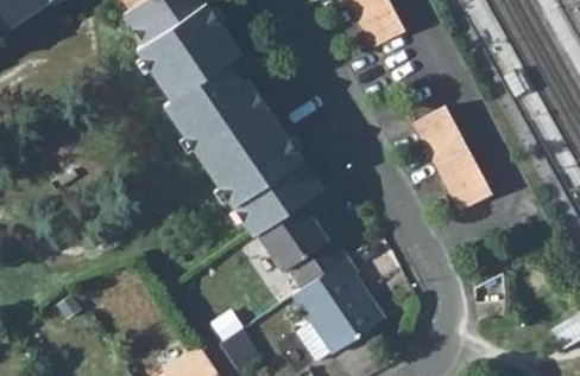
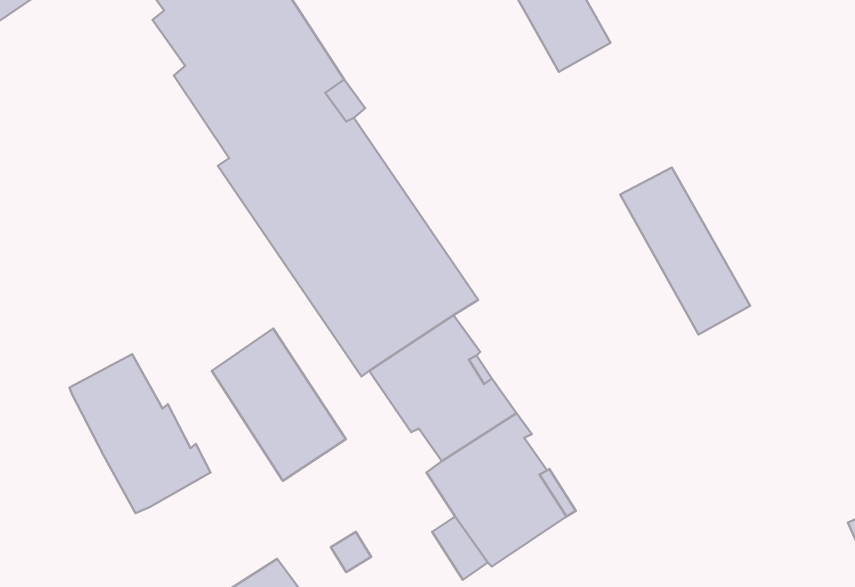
building: none -> [212,328,346,481]
building: none -> [69,354,211,513]

